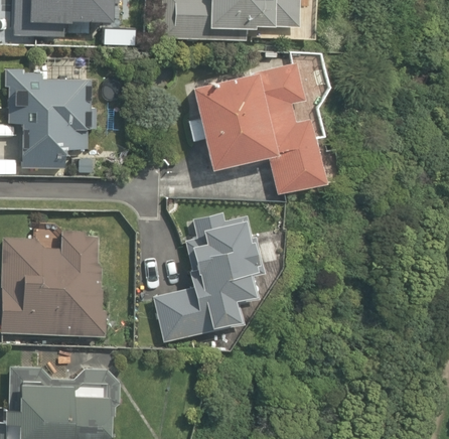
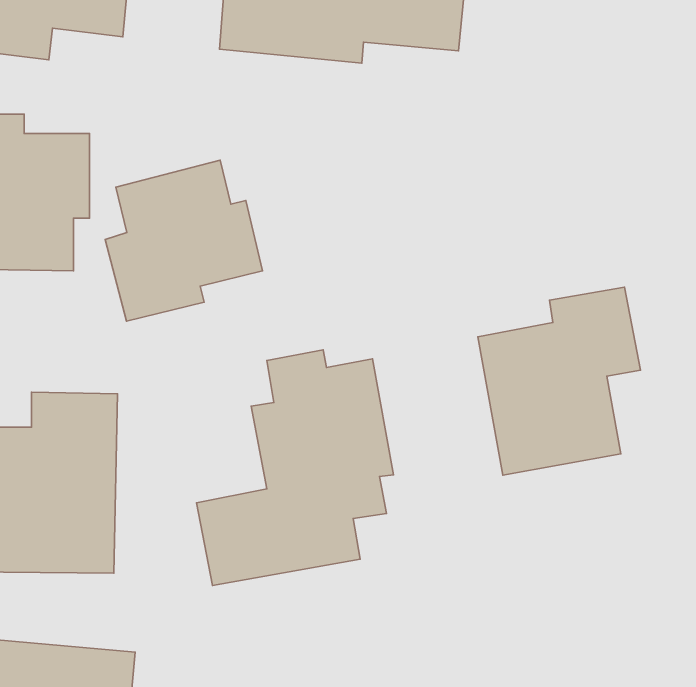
building: [191,61,329,195] -> none
building: none -> [105,160,263,321]
building: none -> [478,287,641,475]

